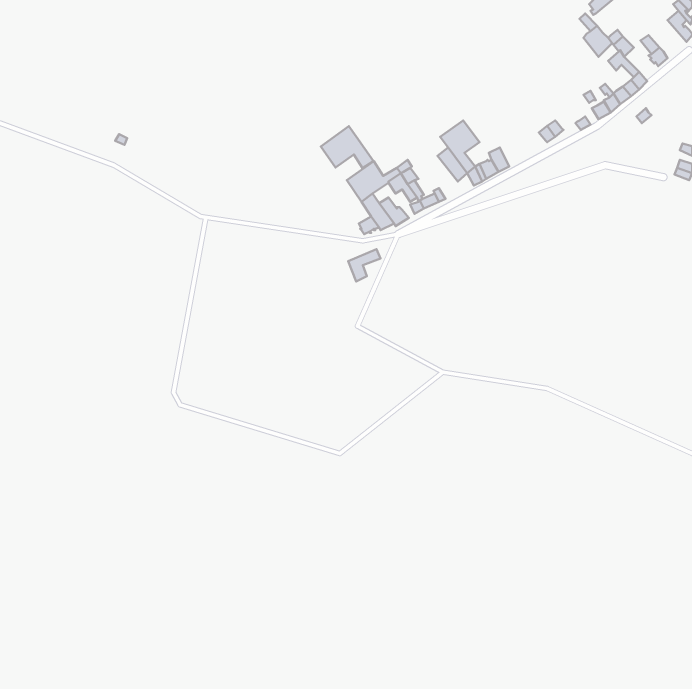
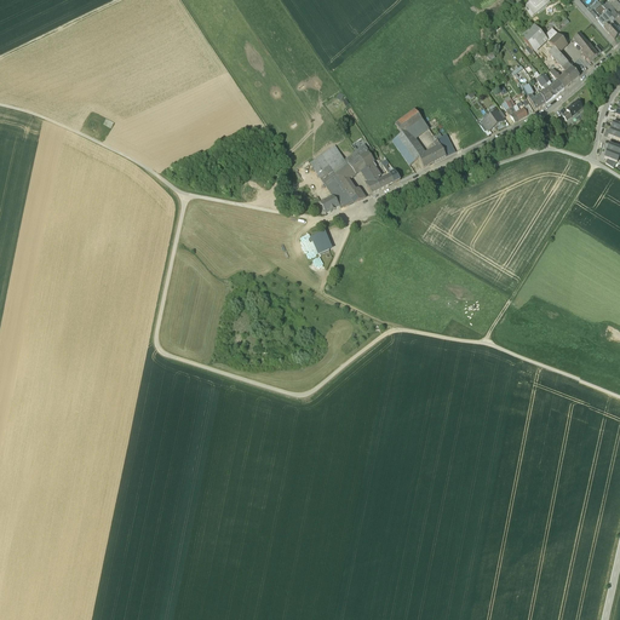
building: [321,126,373,168] -> none

